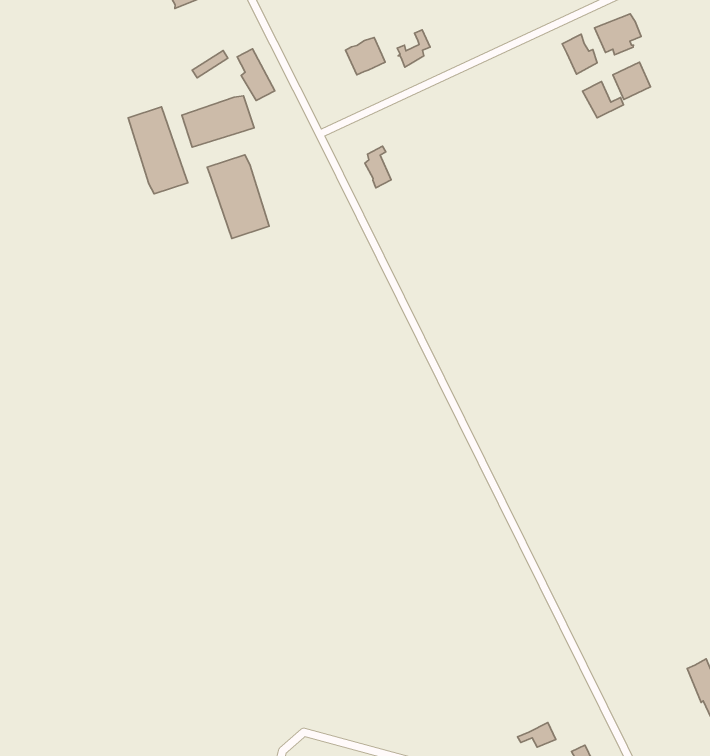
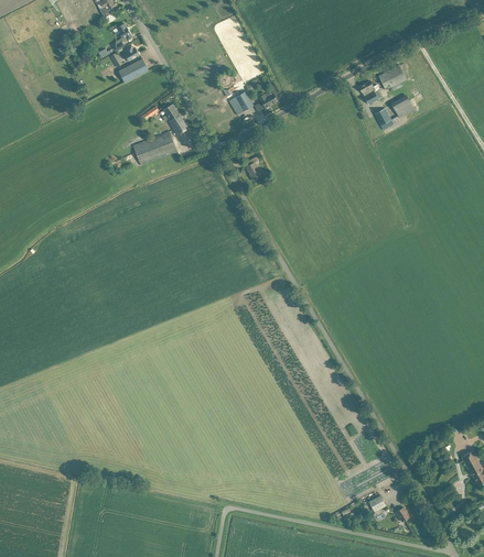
building: [128,107,188,194] -> none
building: [207,155,269,238] -> none

